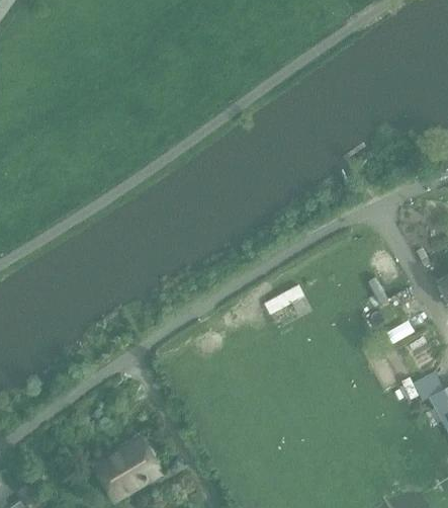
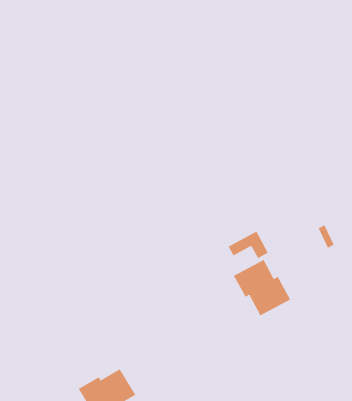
building: none -> [233,259,291,316]

